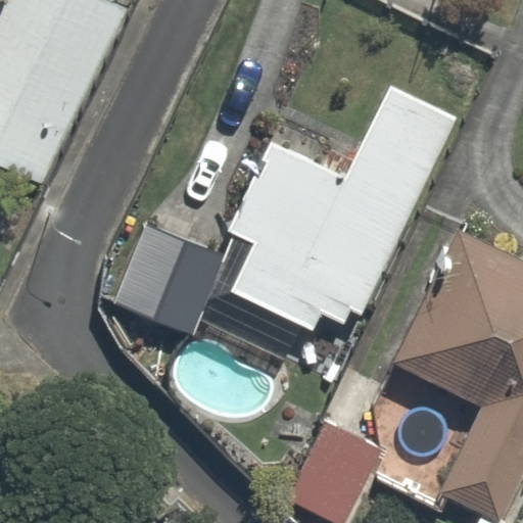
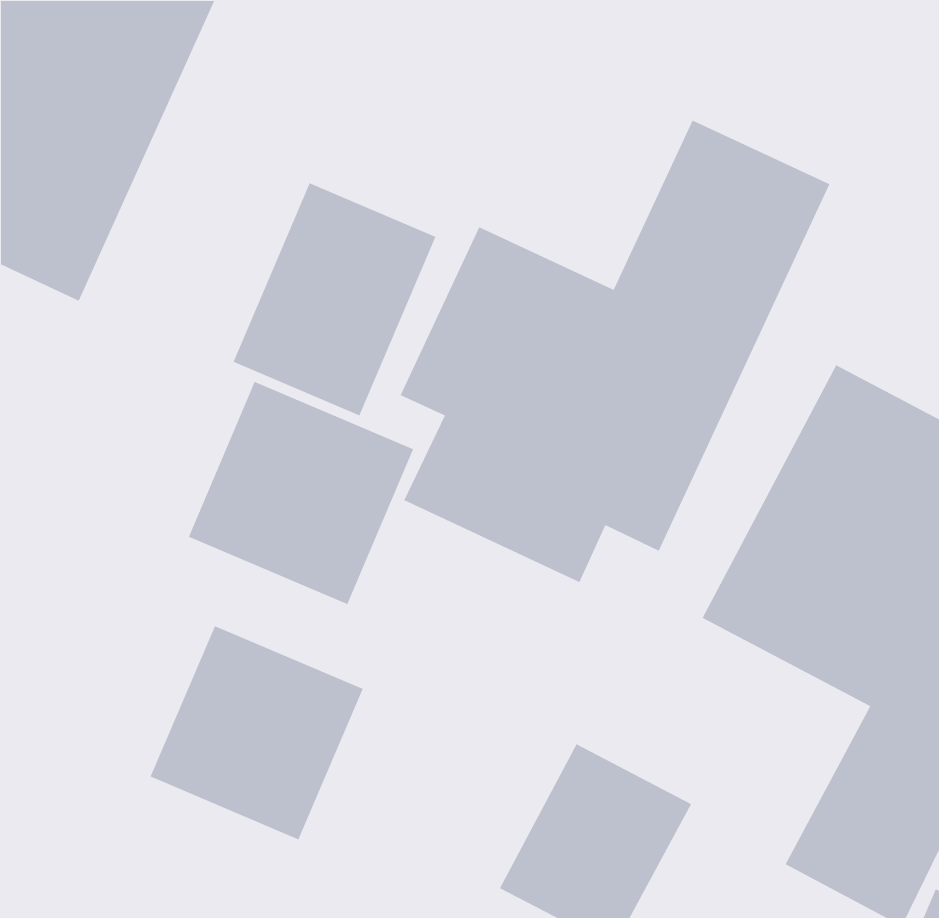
building: none -> [233,182,436,416]
building: none -> [150,625,364,840]

